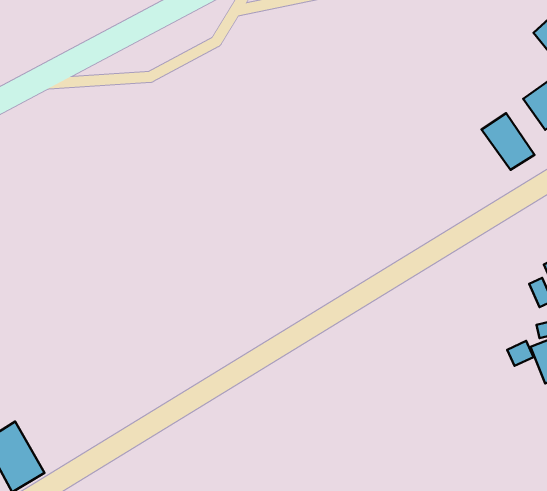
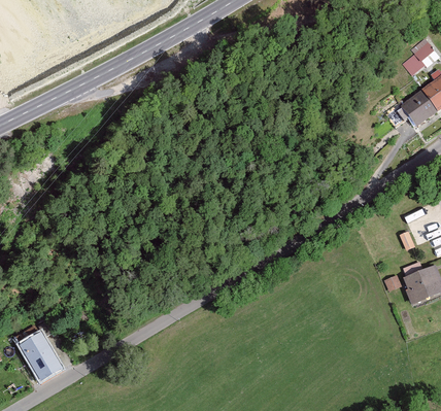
building: [482,113,534,170] -> none

